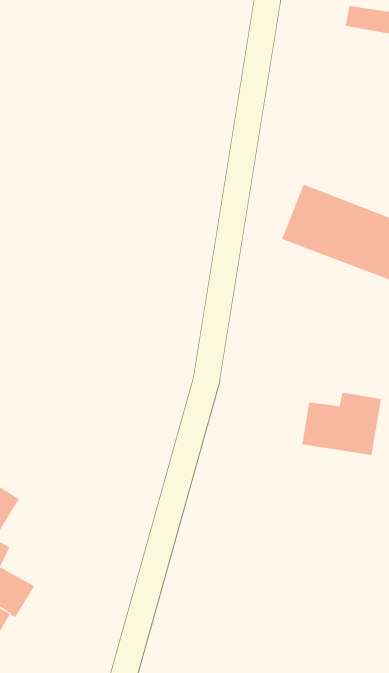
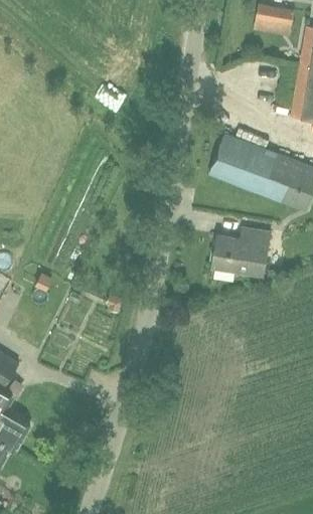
building: [302,392,382,456] -> [211,229,270,276]

